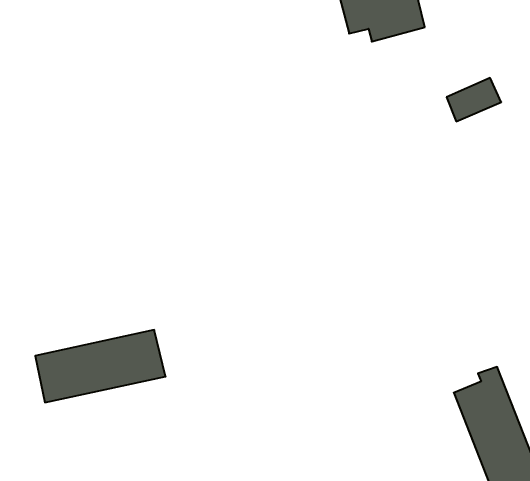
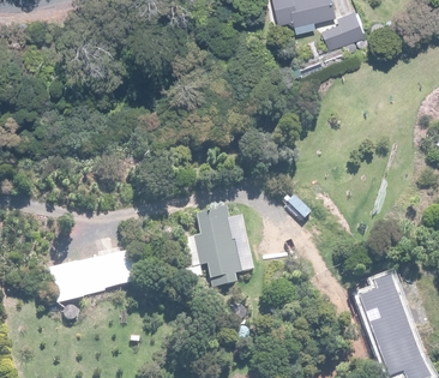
building: [447,78,501,121] -> [321,18,362,50]
building: none -> [184,204,253,284]

